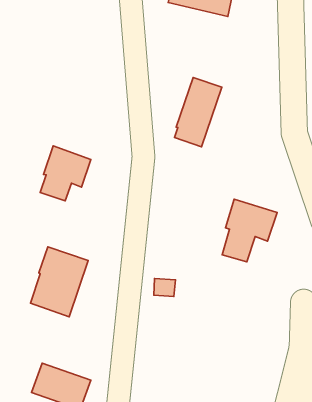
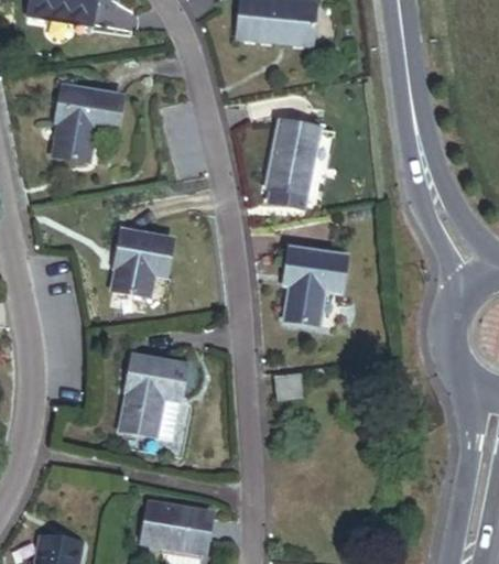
building: none -> [52,86,120,162]
building: [222,199,277,262] -> [285,245,347,321]

